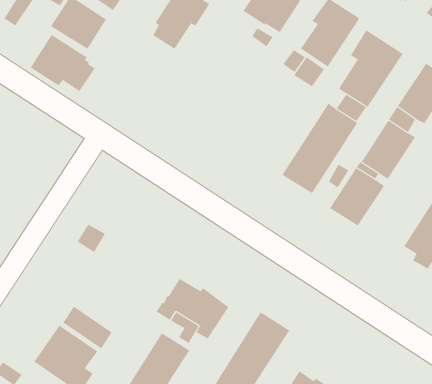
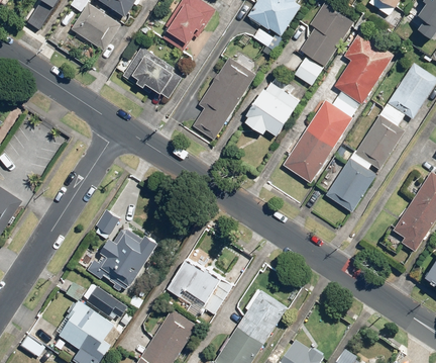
building: [30,34,96,92] -> [123,46,183,98]
building: none -> [190,58,253,140]
building: none -> [243,82,298,135]
building: none -> [88,228,160,290]

